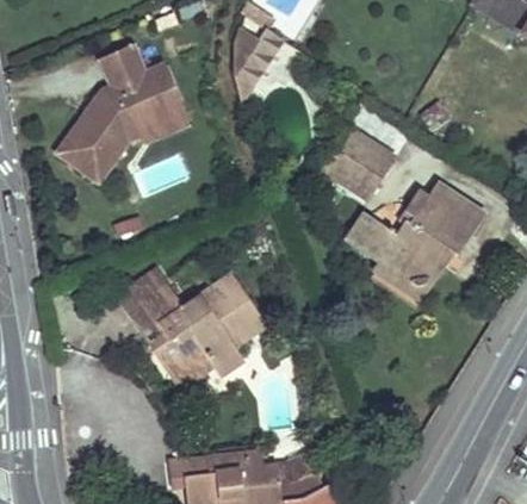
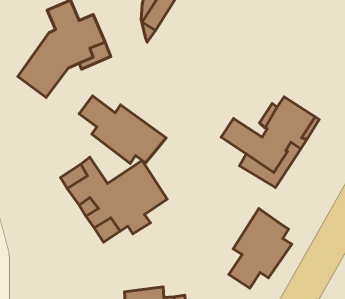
building: [321,124,397,198] -> none
building: none -> [79,96,166,164]
building: none -> [229,208,292,288]

